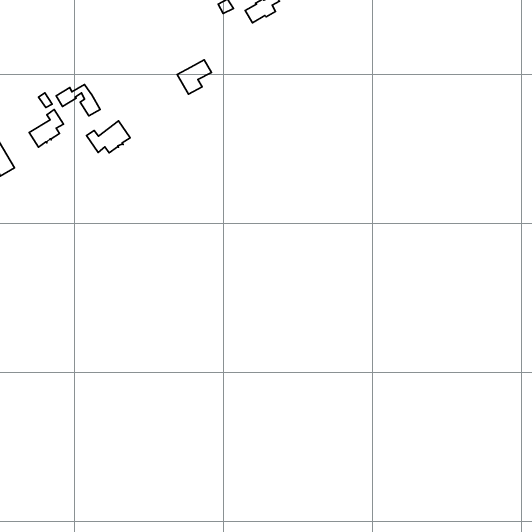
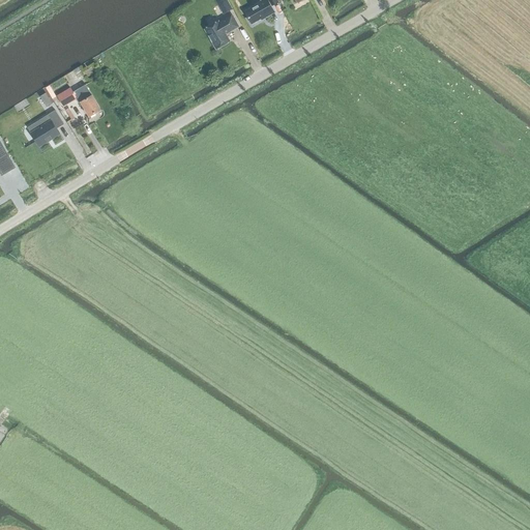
building: [177,60,212,94] -> [204,13,238,48]
building: [86,121,130,153] -> none

